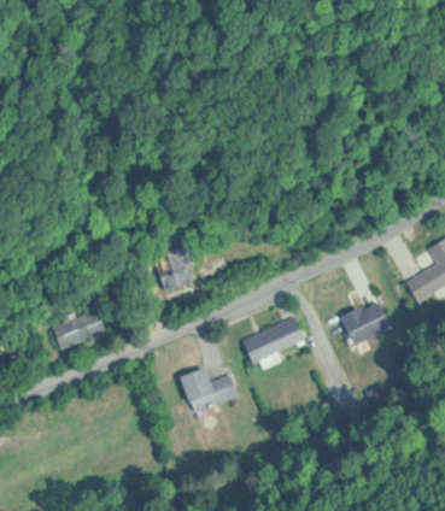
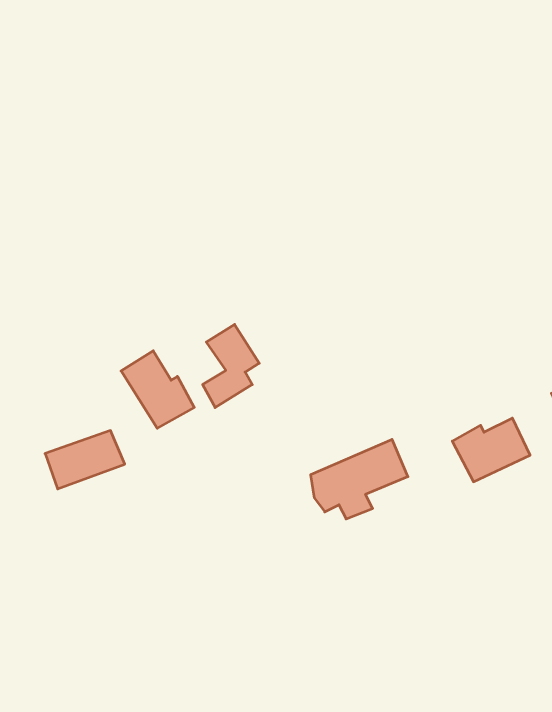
building: none -> [121,351,194,428]
building: [176,369,239,415] -> none

